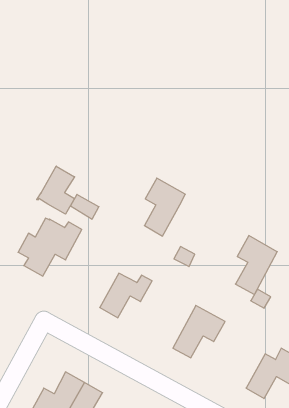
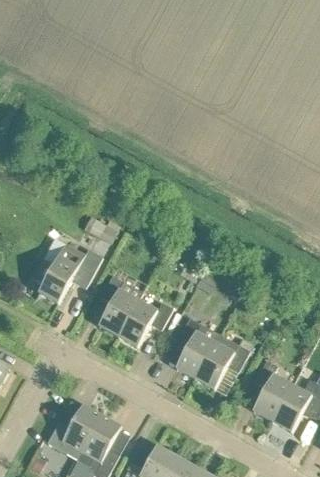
building: [37,166,75,214] -> none
building: [144,178,185,236] -> [99,275,142,336]
building: [235,236,277,294] -> [175,317,219,379]
building: none -> [253,360,292,421]

